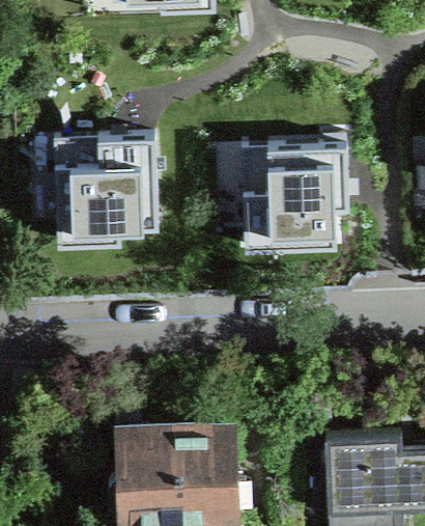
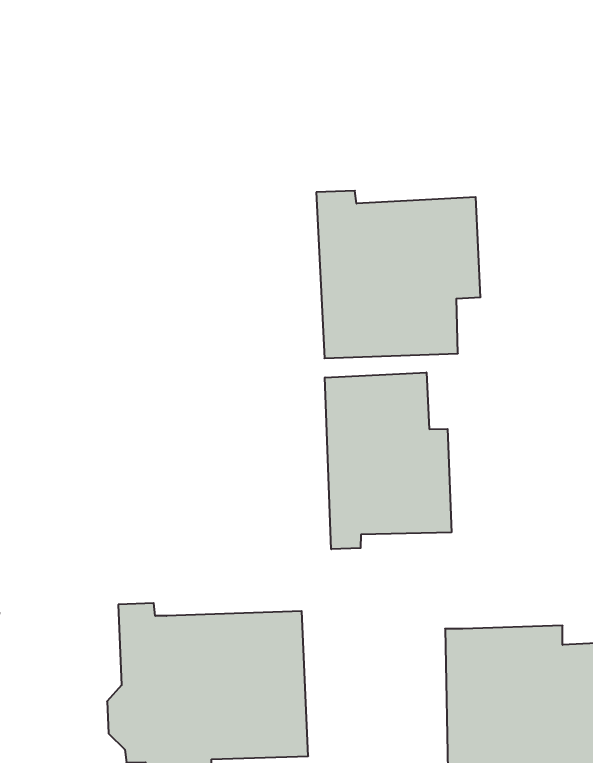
building: [54,136,157,251] -> none
building: none -> [325,372,451,549]

